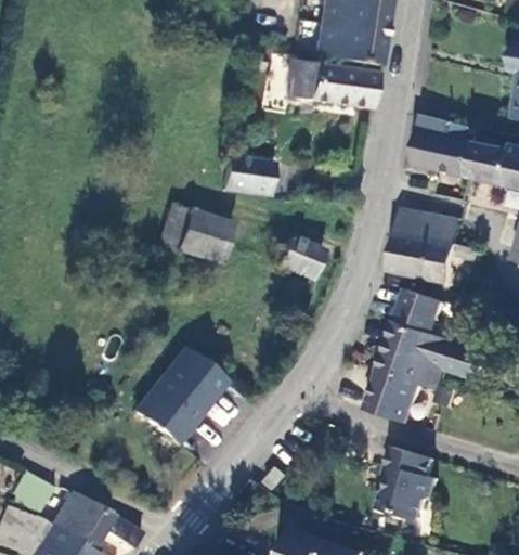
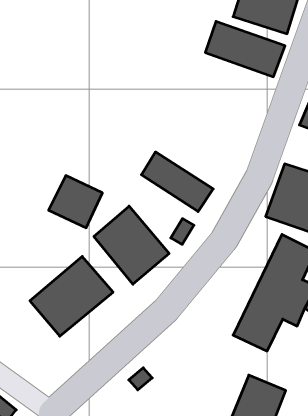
building: [221,151,271,193] -> none
building: [171,209,229,264] -> [49,176,102,228]
building: none -> [94,206,169,284]

